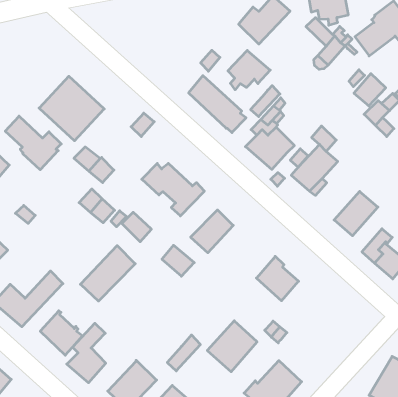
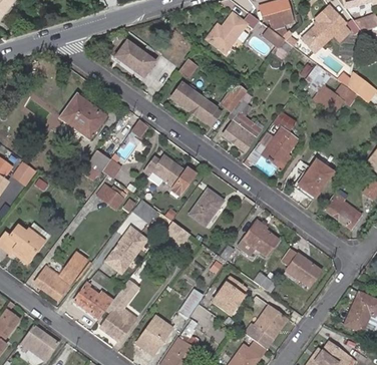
building: none -> [116,41,155,77]
building: [228,50,270,90] -> none
building: [5,116,61,170] -> none
building: none -> [281,249,319,289]

